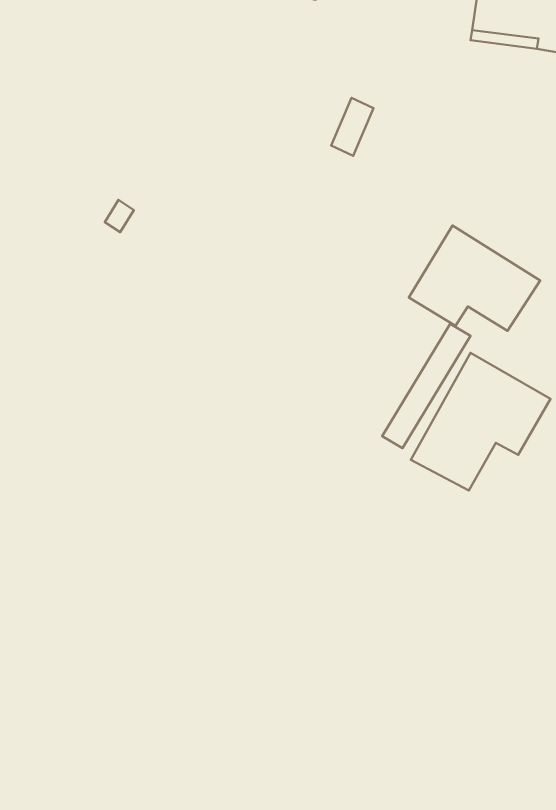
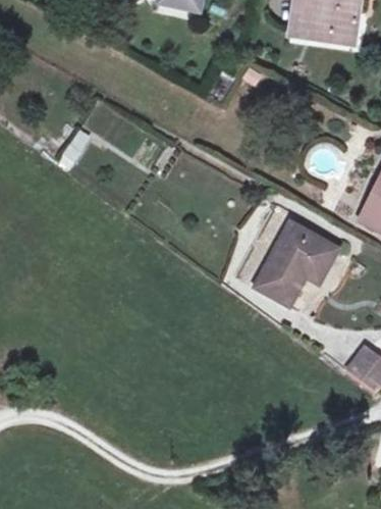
building: [409,226,540,331] -> none

